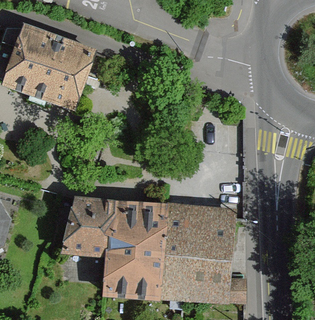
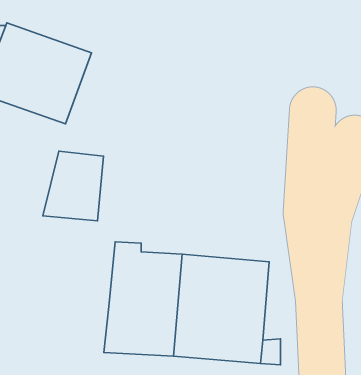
building: [62,198,111,254] -> [43,151,104,221]

